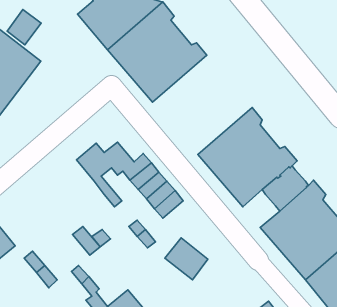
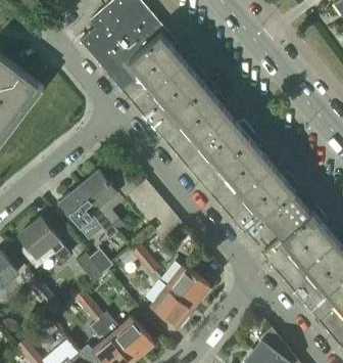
building: [7,10,41,45] -> none
building: none -> [155,82,254,181]
building: none -> [60,186,122,244]
building: none -> [19,218,69,268]
building: none -> [151,284,195,326]

